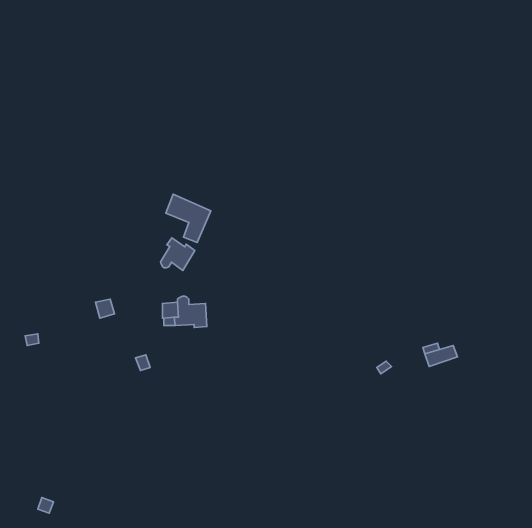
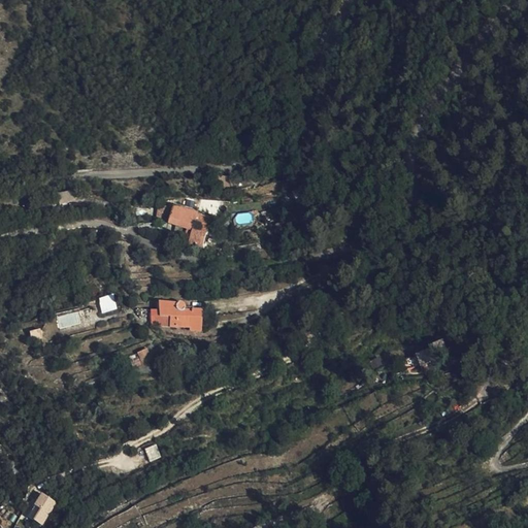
building: [161,238,195,270] -> none

